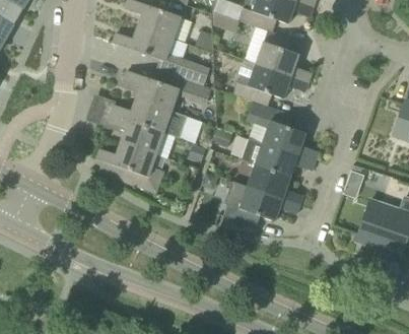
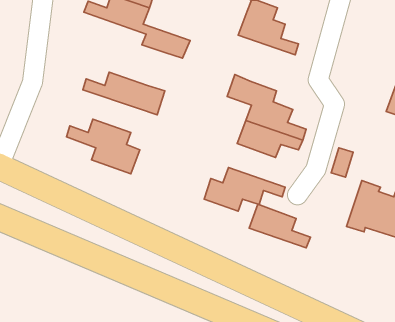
building: [231,63,308,106] -> none
building: [123,69,211,110] -> none
building: [108,114,162,153] -> none
building: [246,163,302,204] -> [249,204,310,248]

